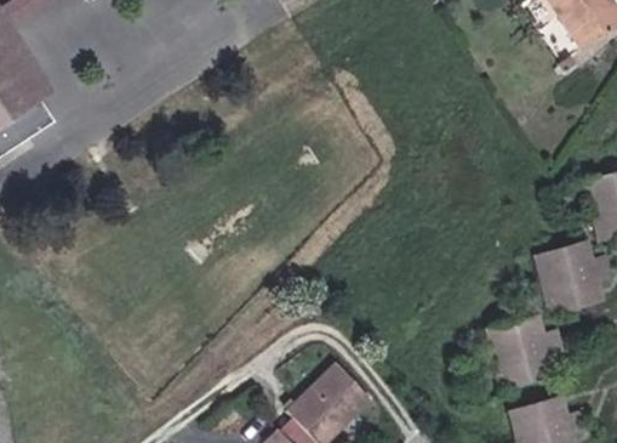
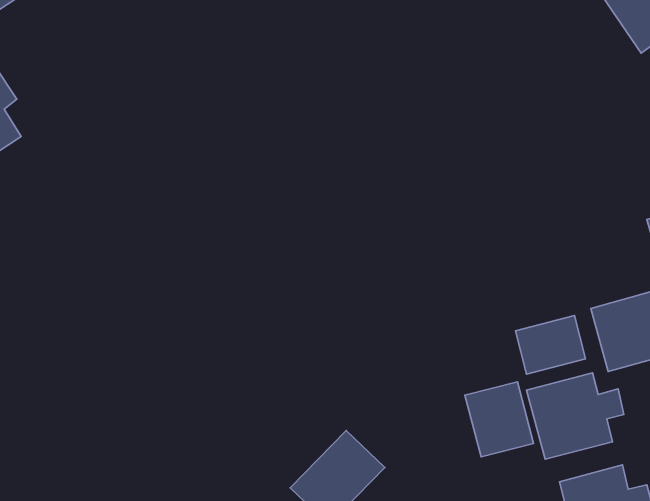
building: none -> [516,315,586,374]
building: none -> [465,382,534,457]

